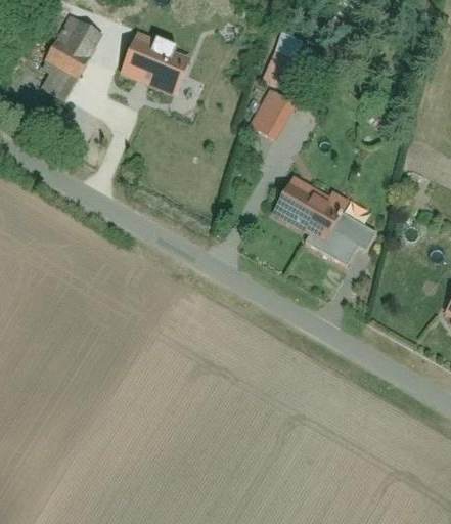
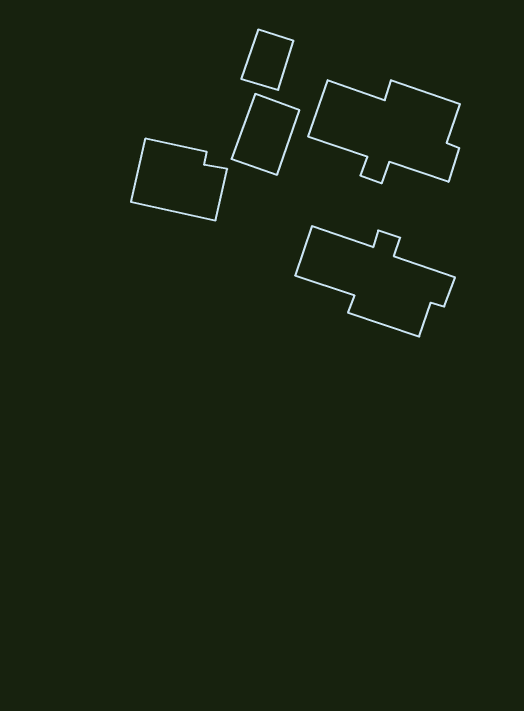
building: [122,29,187,89] -> [131,139,227,220]
building: none -> [308,80,460,183]

